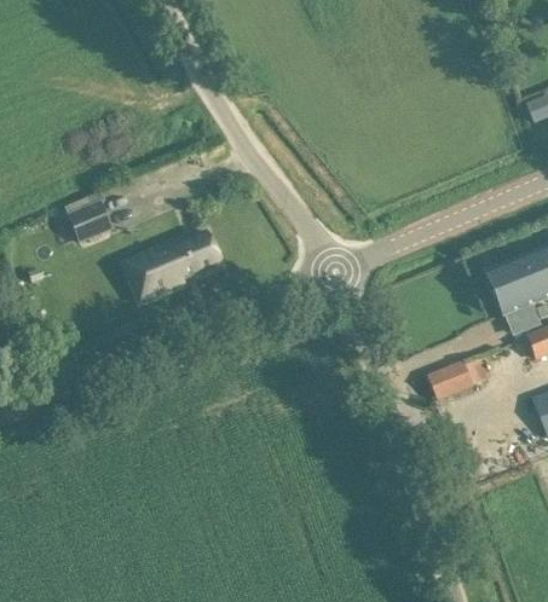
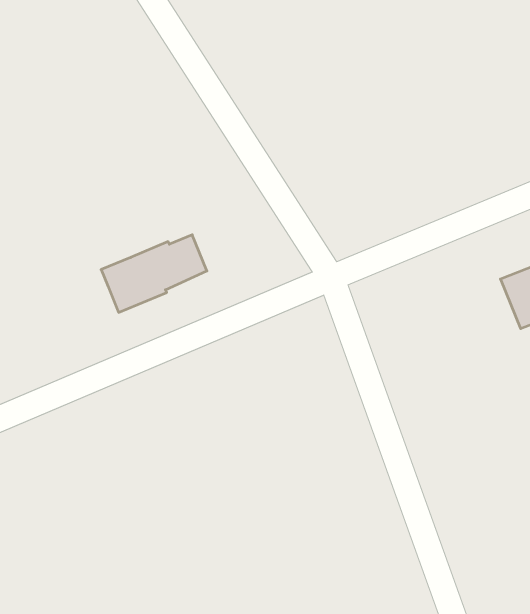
building: [65,192,113,242] -> none
building: [428,361,474,400] -> none

